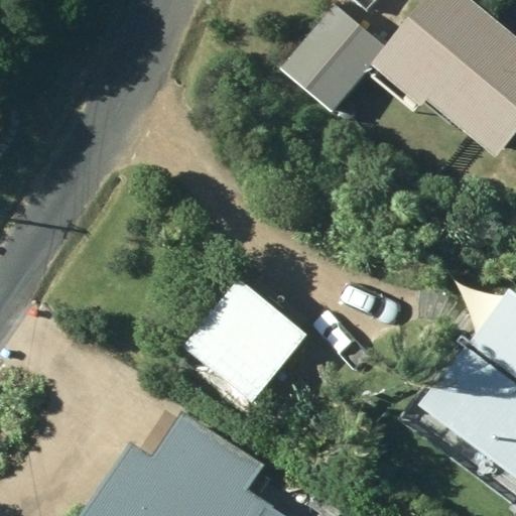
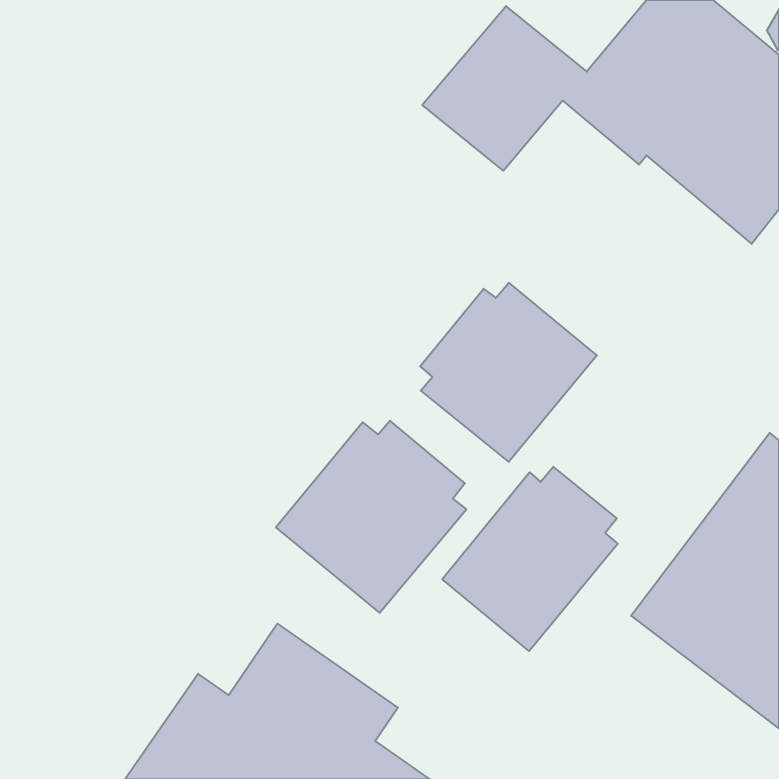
building: none -> [420,283,597,462]
building: none -> [442,467,618,651]

